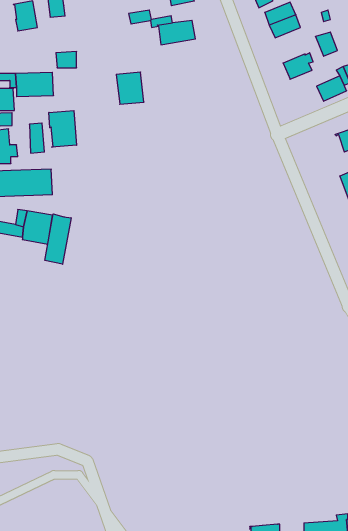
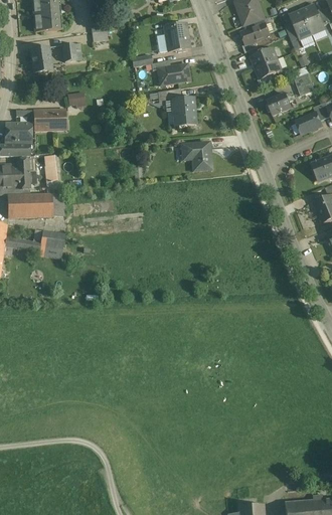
building: [116,72,144,104] -> [171,98,195,126]
building: none -> [180,142,211,171]
building: [49,111,77,147] -> none
building: [45,214,71,264] -> none

